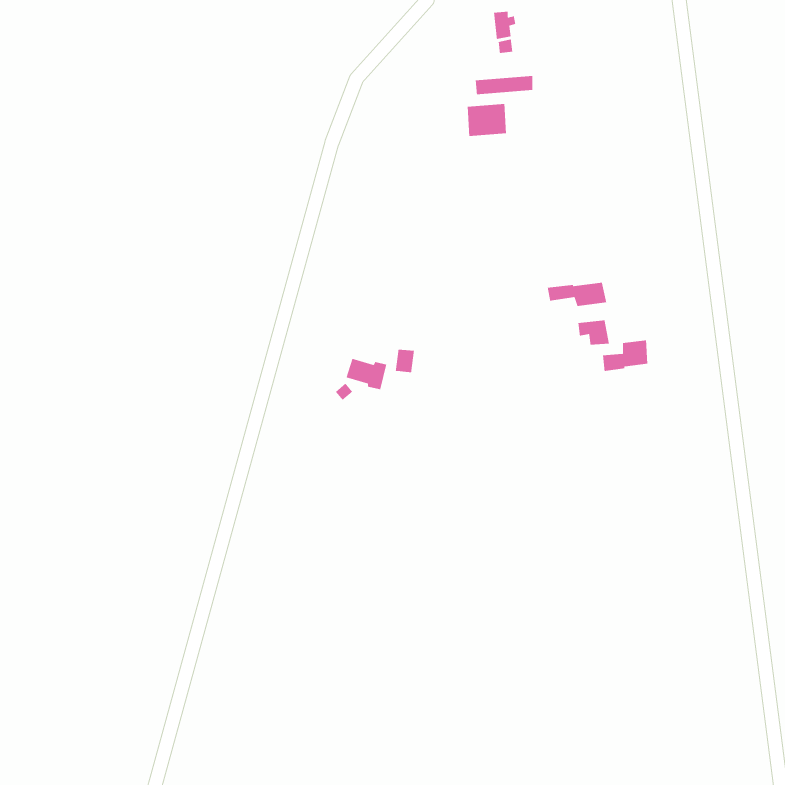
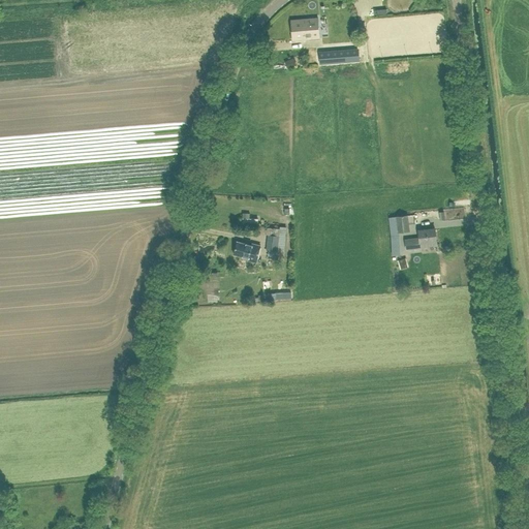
building: [467,103,507,137] -> [291,18,318,40]
building: [547,282,607,307] -> none

